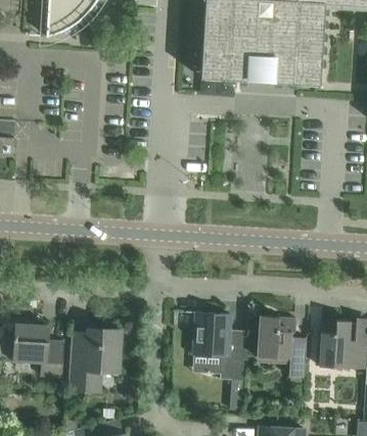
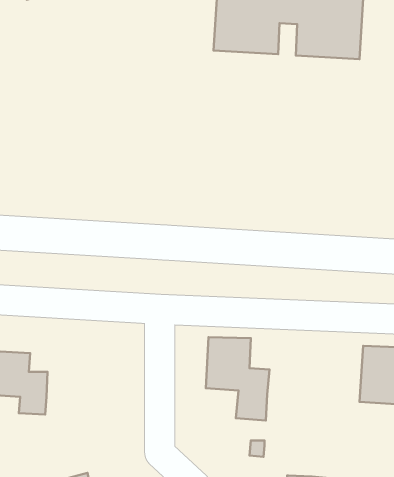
building: [256,317,307,378] -> none
building: [68,329,121,392] -> none

